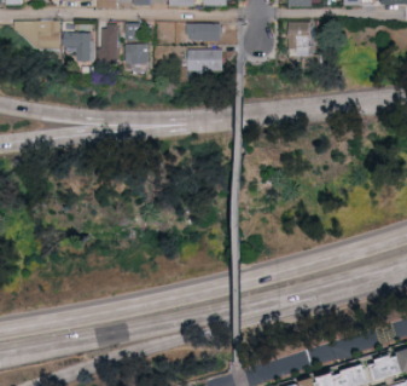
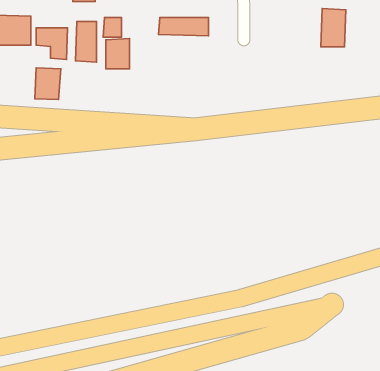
building: [287,21,310,56] -> [321,9,346,47]
building: [188,48,225,73] -> none
building: none -> [35,68,61,100]

